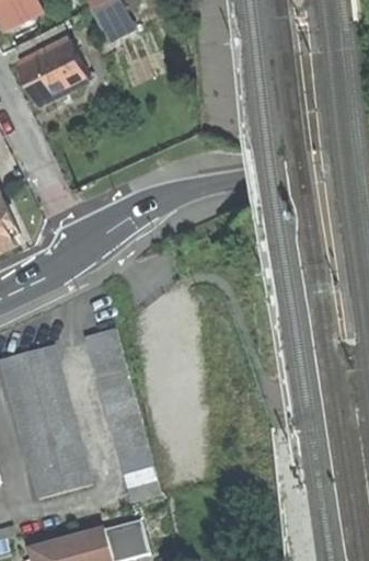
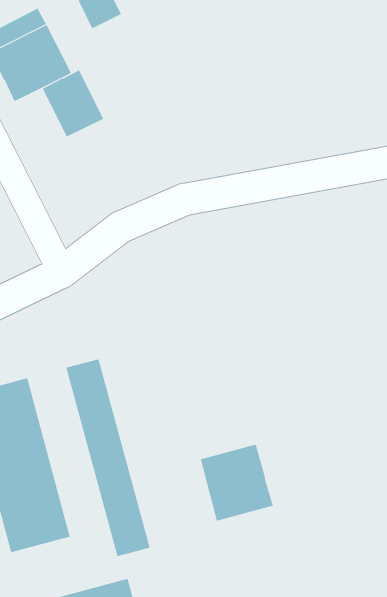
building: none -> [42,69,104,137]
building: none -> [200,444,273,521]

